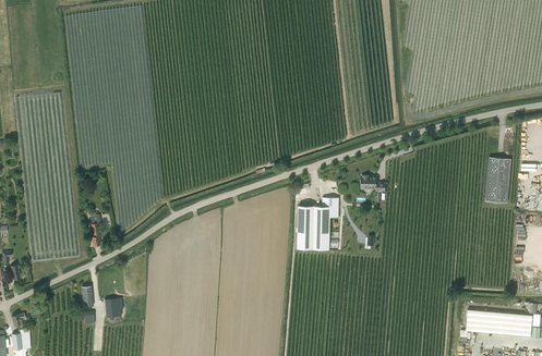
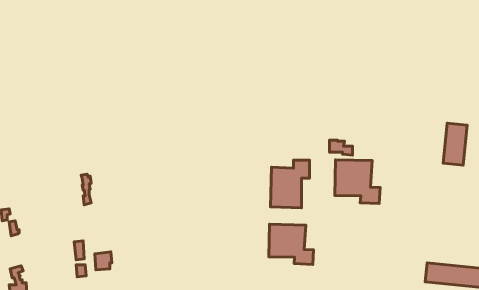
building: none -> [335,160,380,204]
building: none -> [269,224,314,264]

